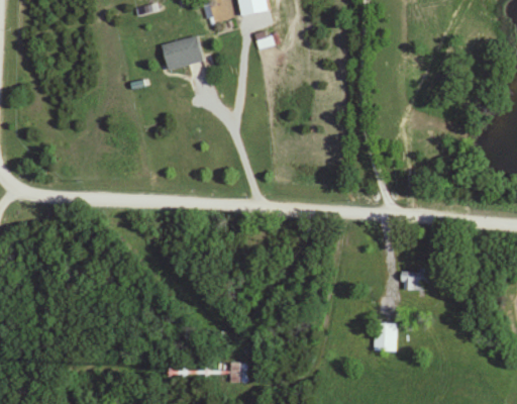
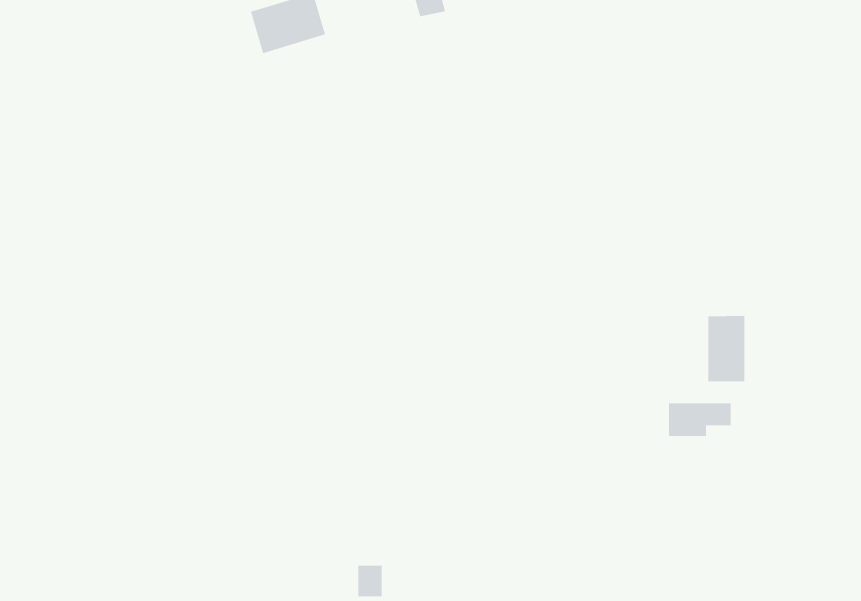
building: none -> [708,315,745,382]
building: [374,321,396,351] -> none

